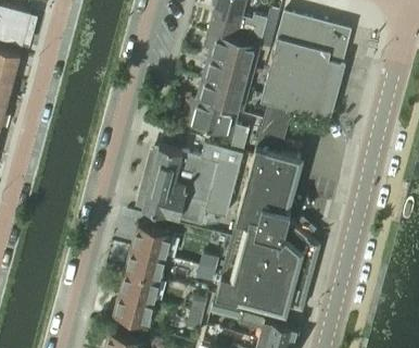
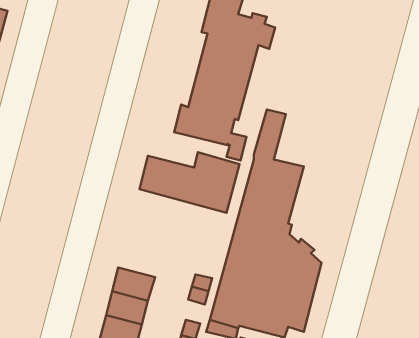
building: [259,13,350,121] -> none
building: [143,177,231,225] -> none
building: [132,226,172,258] -> none

